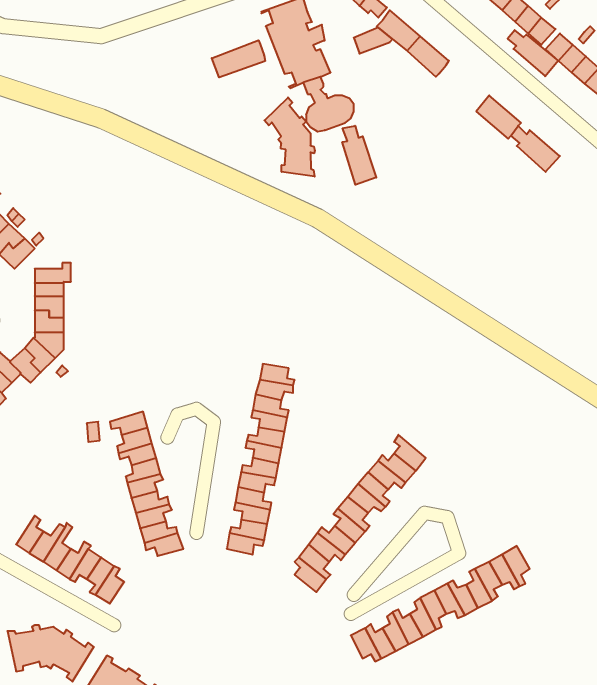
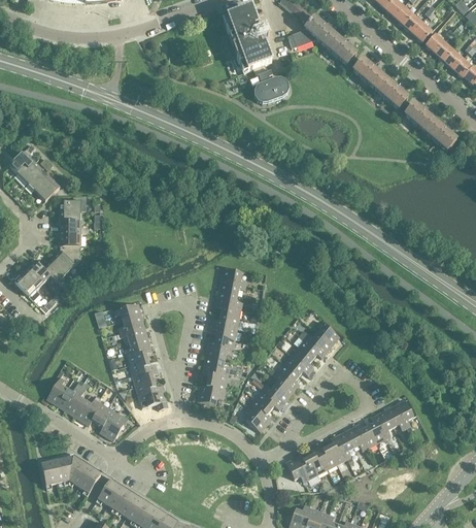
building: [508,30,558,76] -> [349,56,385,89]
building: [212,40,265,77] -> none
building: [264,97,315,177] -> none
building: [342,126,376,185] -> none
building: none -> [426,121,456,150]

